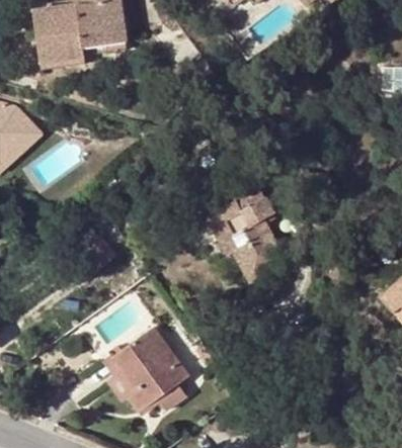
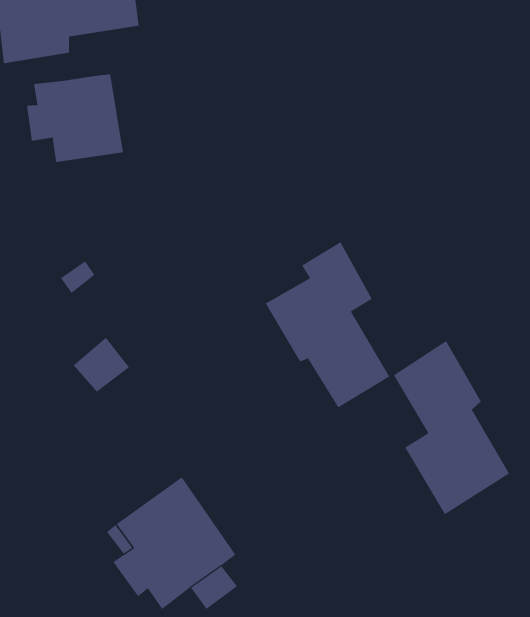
building: none -> [27,74,123,163]
building: none -> [393,340,510,515]

